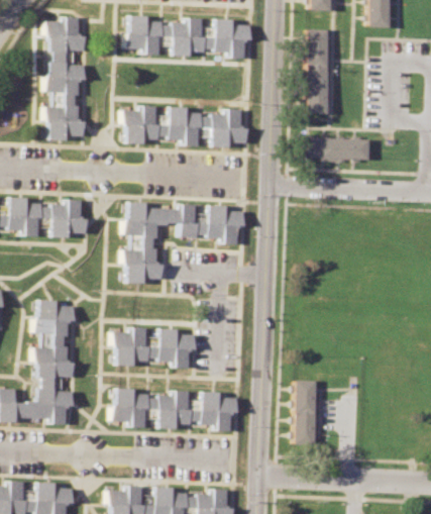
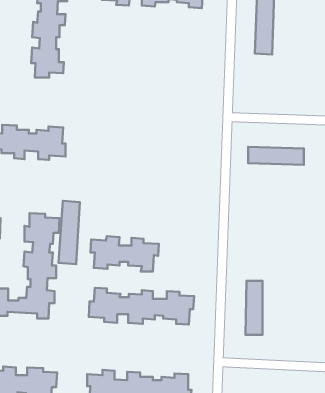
building: [123,105,246,146] -> none
building: [305,137,370,159] -> [248,147,304,165]
building: [123,202,244,283] -> none
building: none -> [58,201,80,264]

